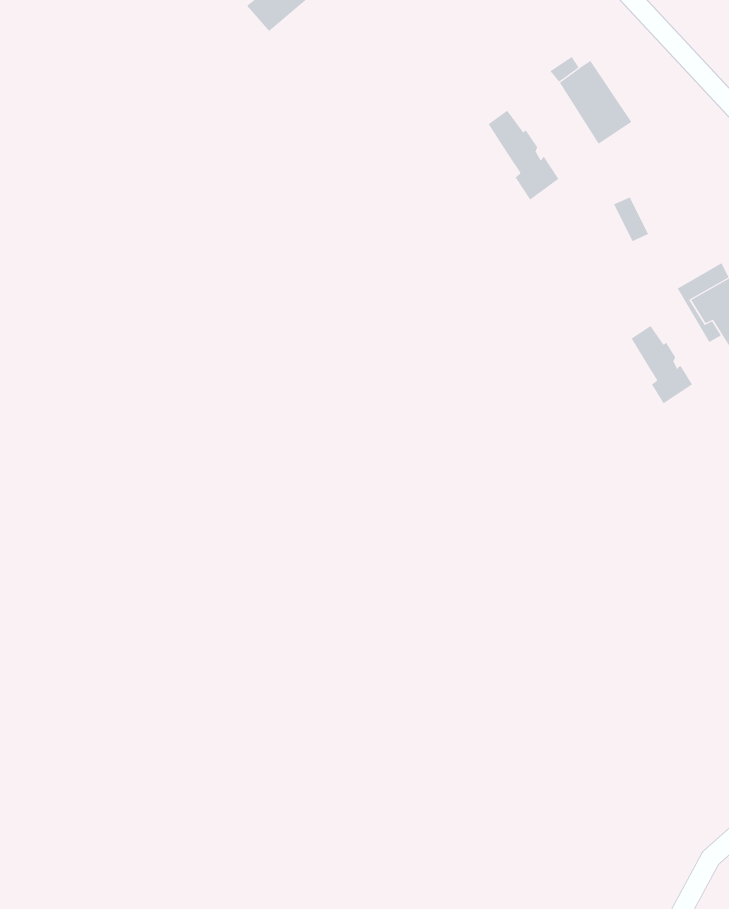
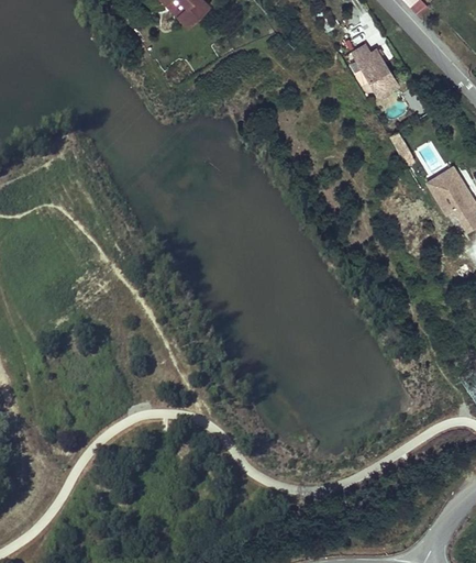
building: [488,110,559,200] -> none
building: [631,325,693,404] -> none

